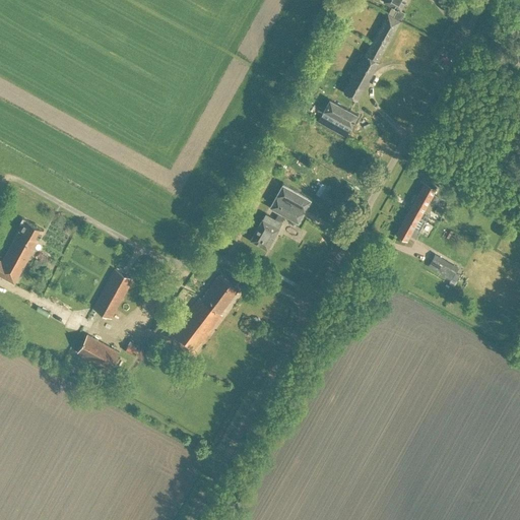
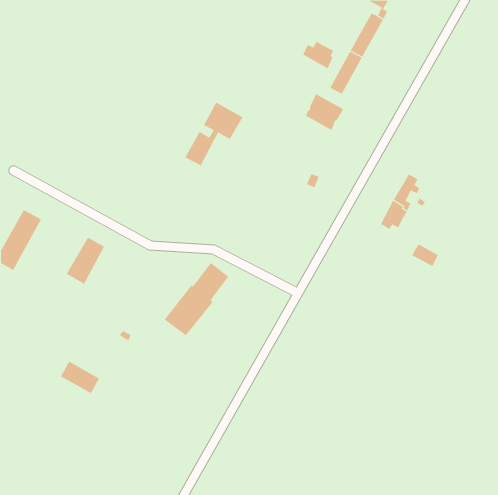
building: none -> [302,41,334,69]
building: [250,185,312,252] -> [185,102,244,166]
building: [92,271,133,321] -> [66,237,105,284]
building: [77,337,119,372] -> [60,361,100,394]

